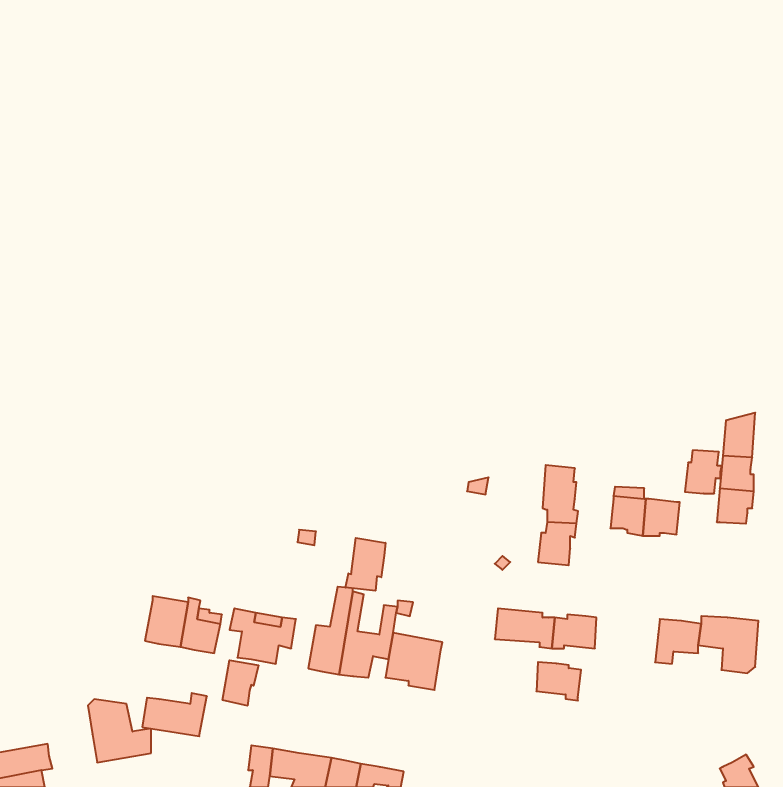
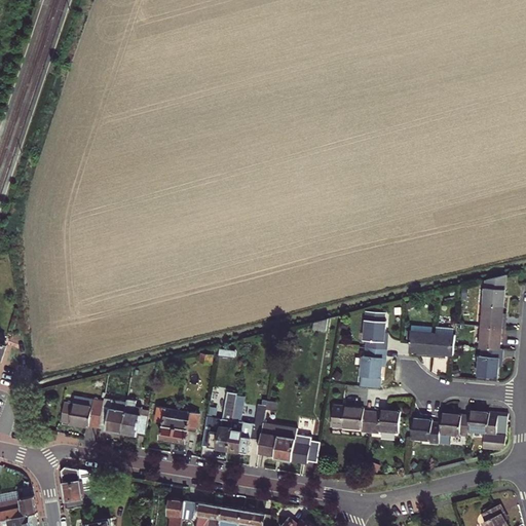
building: [685,450,722,493] -> [475,348,499,377]
building: [345,538,385,591] -> none
building: none -> [290,434,318,462]
building: [223,660,258,706] -> none
building: [536,662,581,701] -> [409,418,439,444]
building: [142,693,207,736] -> [59,399,102,427]

